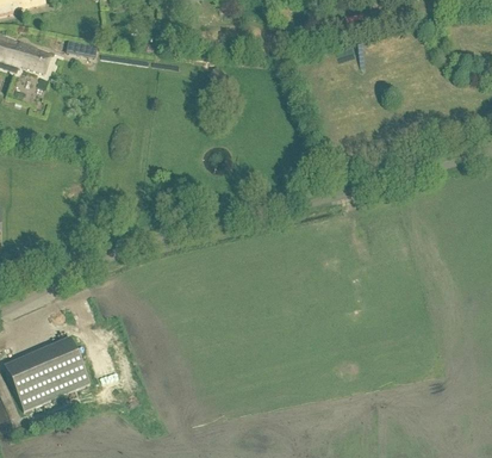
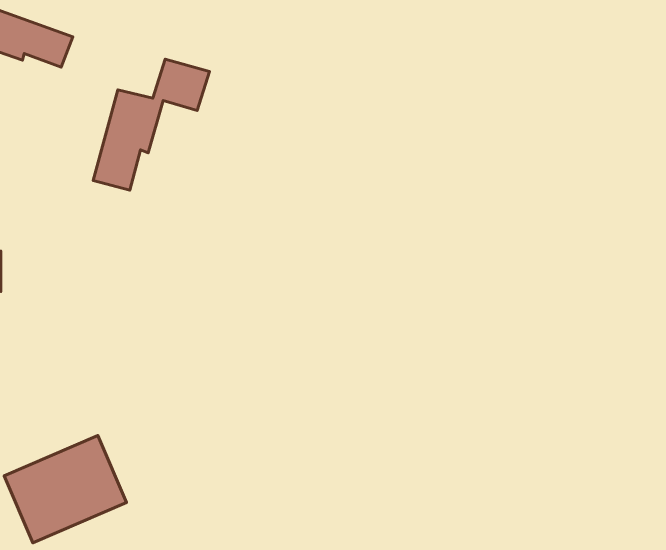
building: none -> [93,59,210,190]

